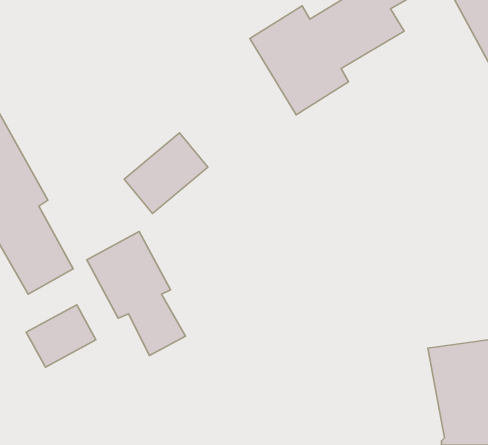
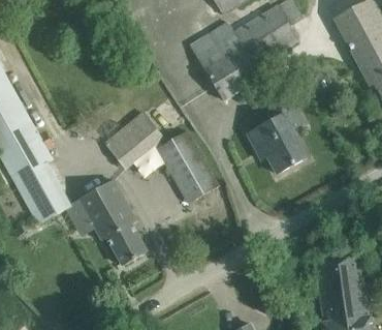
building: none -> [246,98,306,172]
building: none -> [156,129,217,201]
building: [26,305,96,367] -> none

